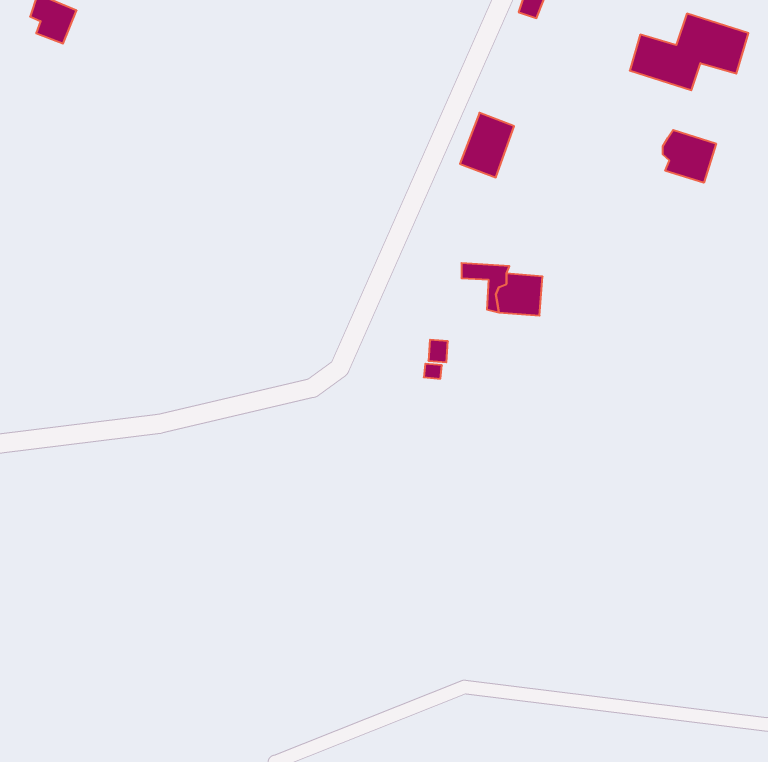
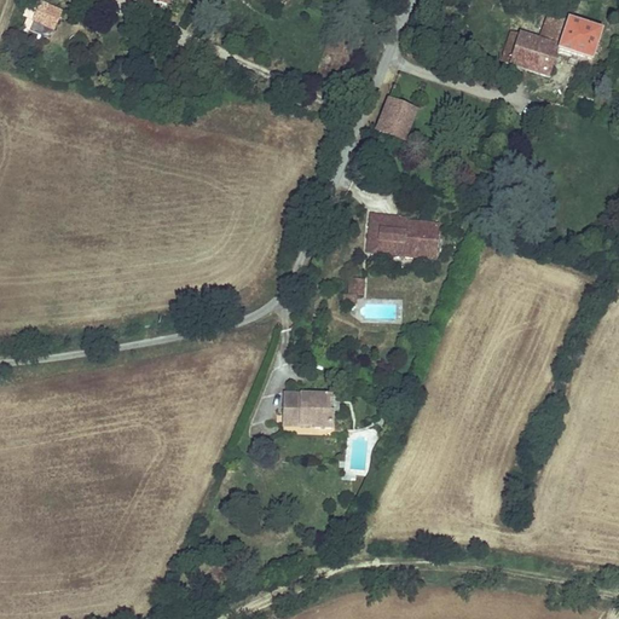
building: [663,130,716,183] -> none
building: none -> [369,224,393,249]
building: none -> [283,389,332,429]

